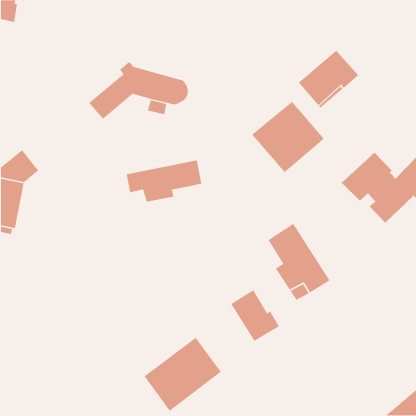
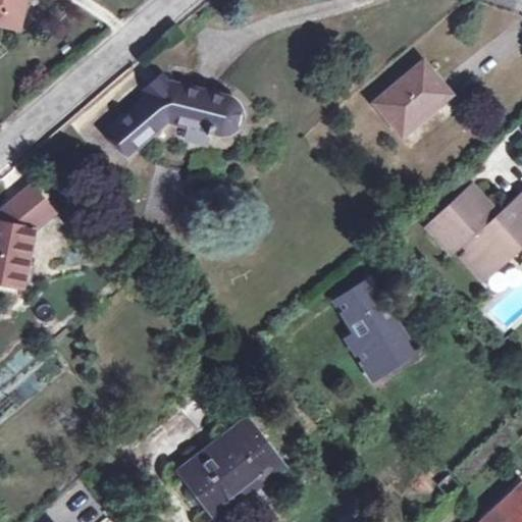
building: [251,101,325,173] -> none
building: [126,159,202,202] -> none
building: [230,289,280,342] -> none

